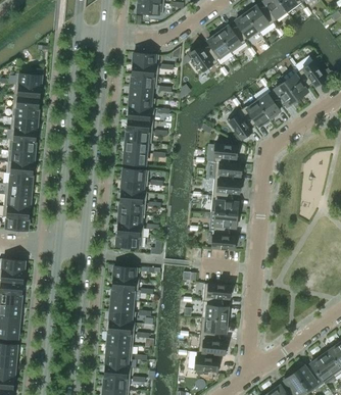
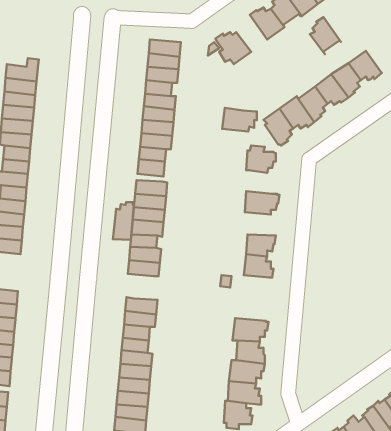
building: [205,32,231,62] -> [310,17,341,54]
building: [213,160,242,180] -> [222,108,257,131]
building: none -> [113,202,134,240]
building: [210,195,239,214] -> none

